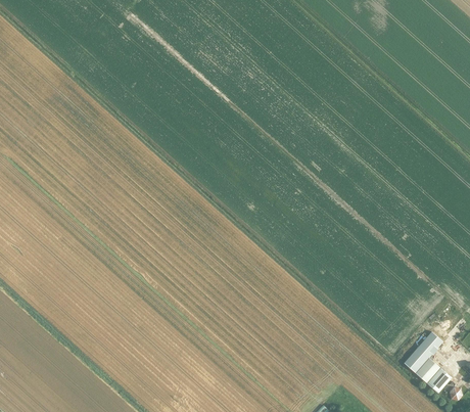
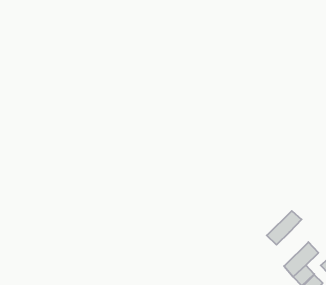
building: none -> [267,211,302,245]

